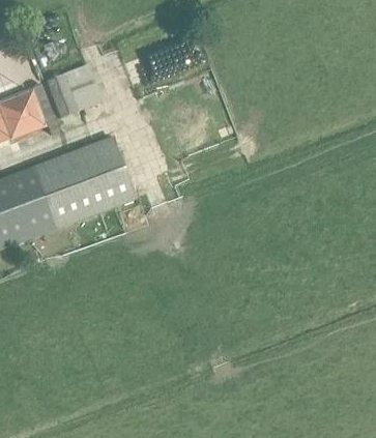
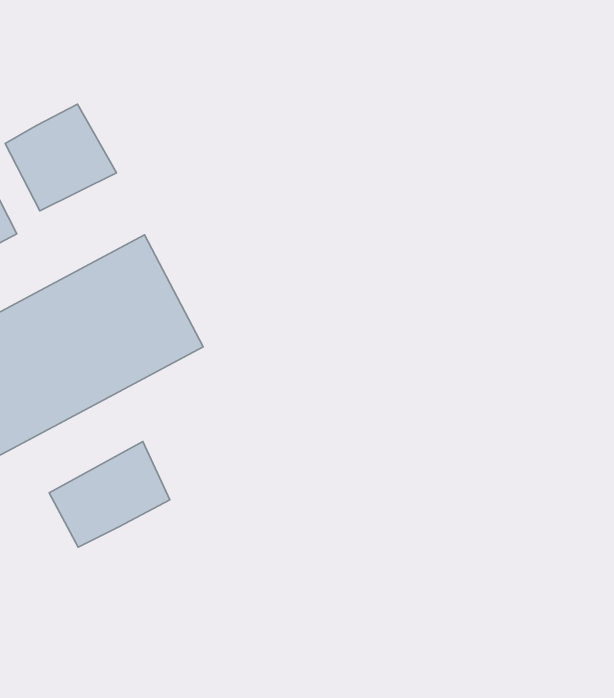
building: none -> [49,441,170,547]

